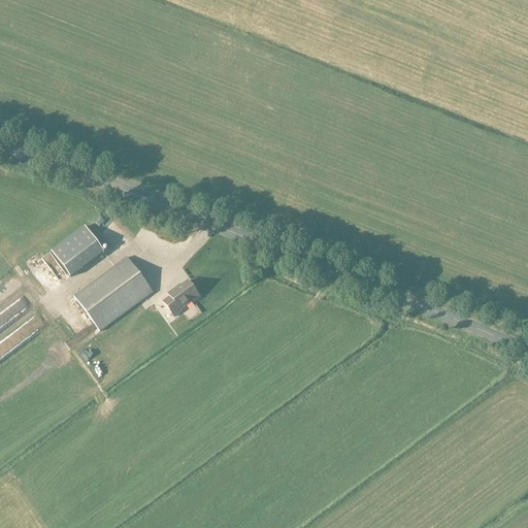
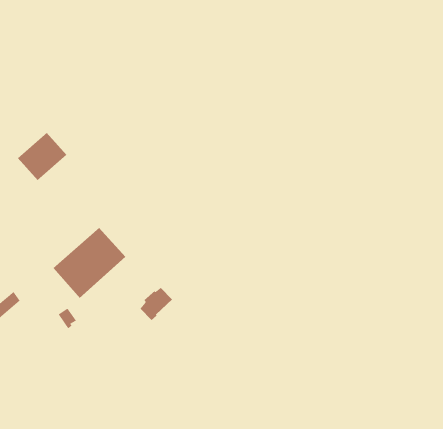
building: [52,225,105,275] -> [17,132,67,181]
building: [164,279,200,315] -> [140,287,173,321]

